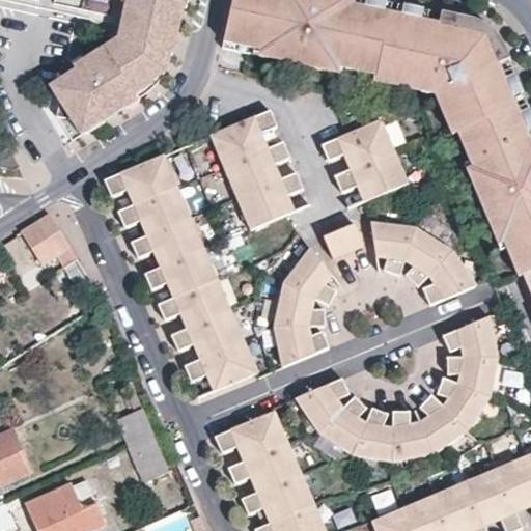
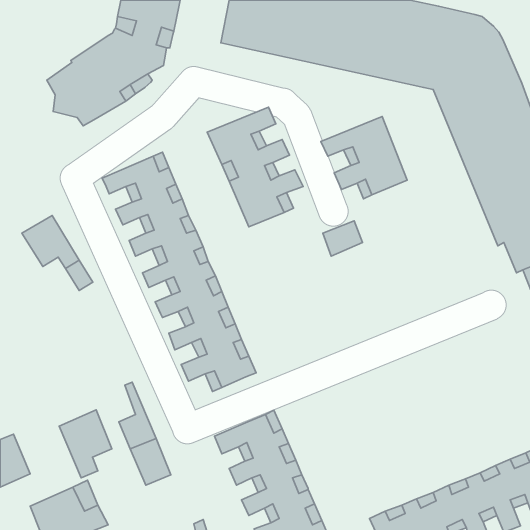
building: [370,221,476,305] -> none
building: [272,246,335,364] -> none
building: [296,316,499,459] -> none
building: none -> [59,410,112,478]

